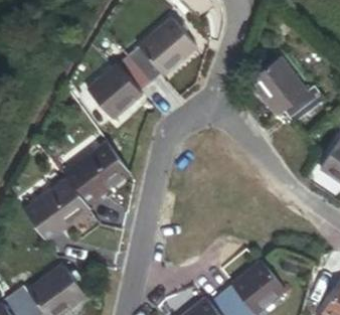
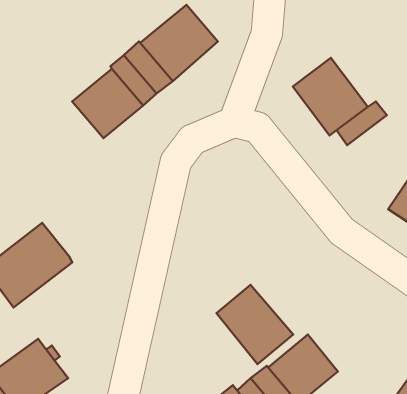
building: [64,144,129,204] -> none
building: none -> [216,285,293,364]

